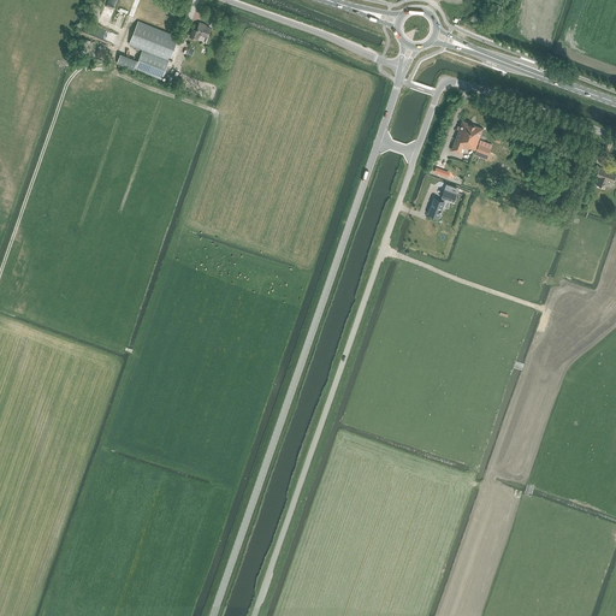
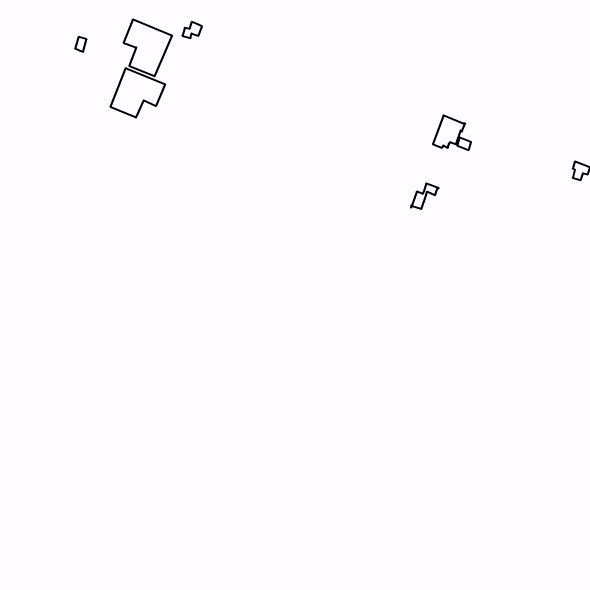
building: none -> [111,68,165,118]

